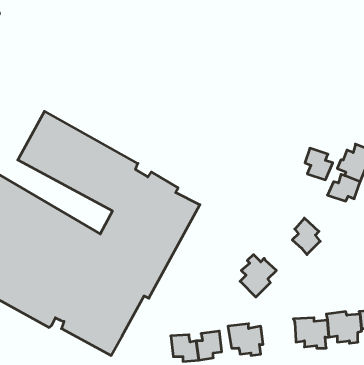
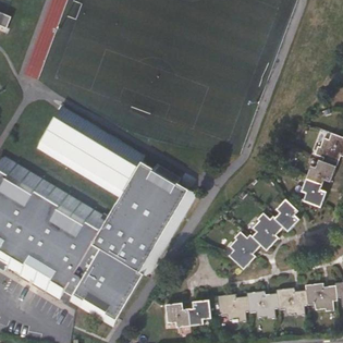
building: [305,148,333,180] -> [301,179,326,207]
building: none -> [249,213,282,250]
building: none -> [245,291,277,319]

